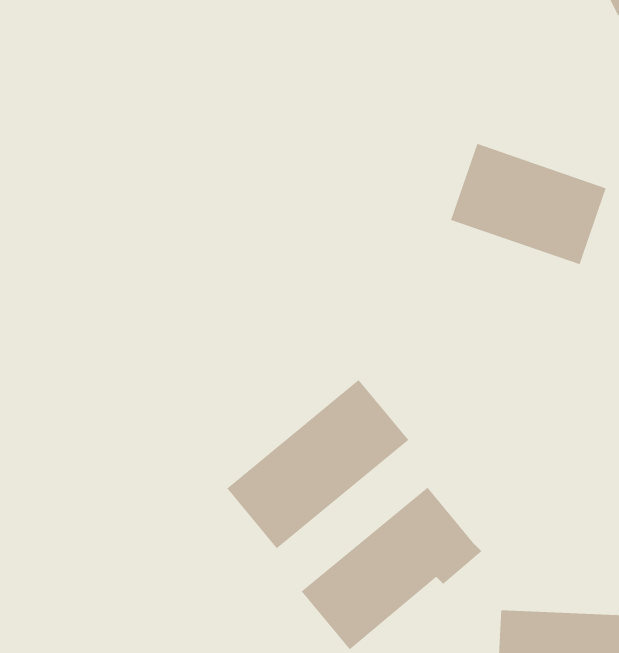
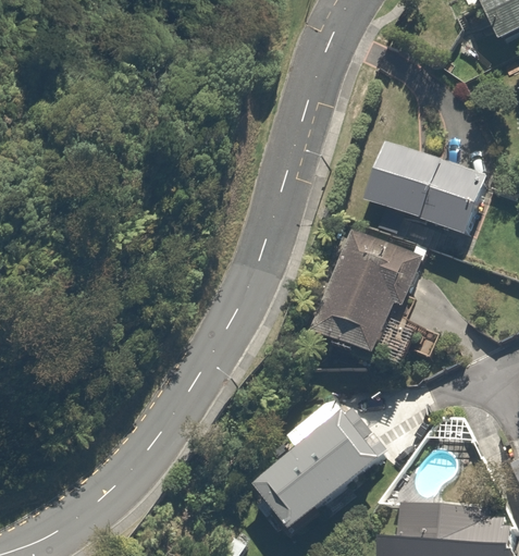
building: none -> [319,225,419,363]
building: [226,379,409,549] -> none

